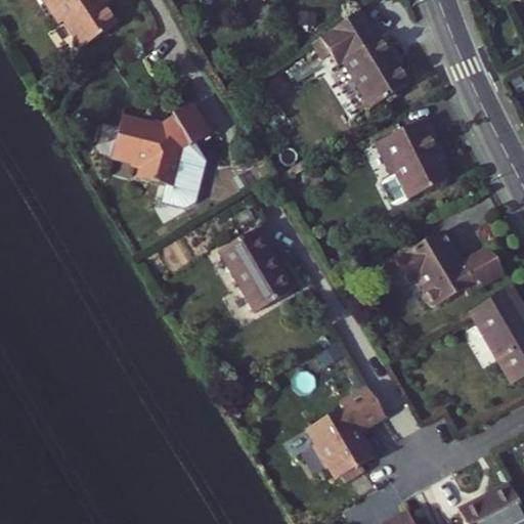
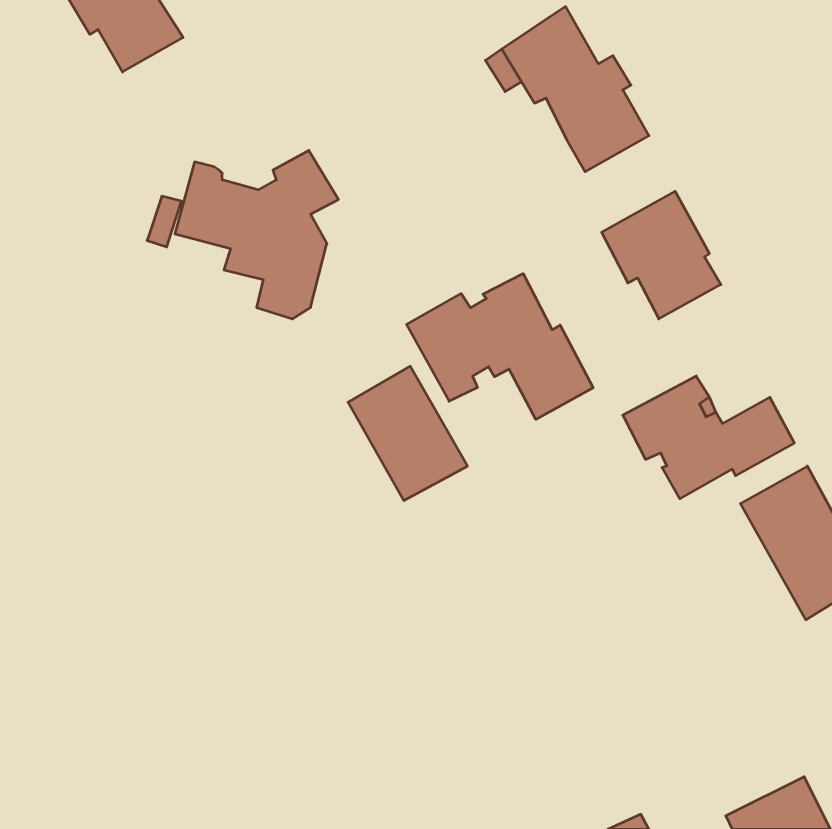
building: none -> [407,274,593,419]
building: [305,388,382,483] -> none

